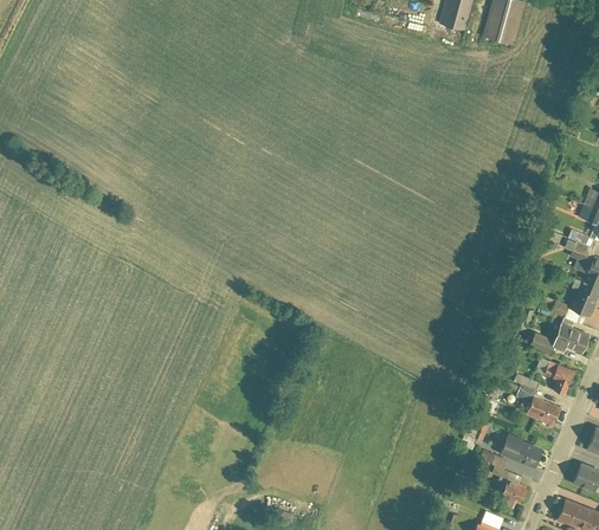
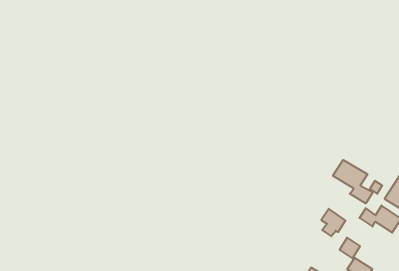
building: none -> [333,160,373,203]
building: [547,360,579,395] -> [321,209,346,236]

